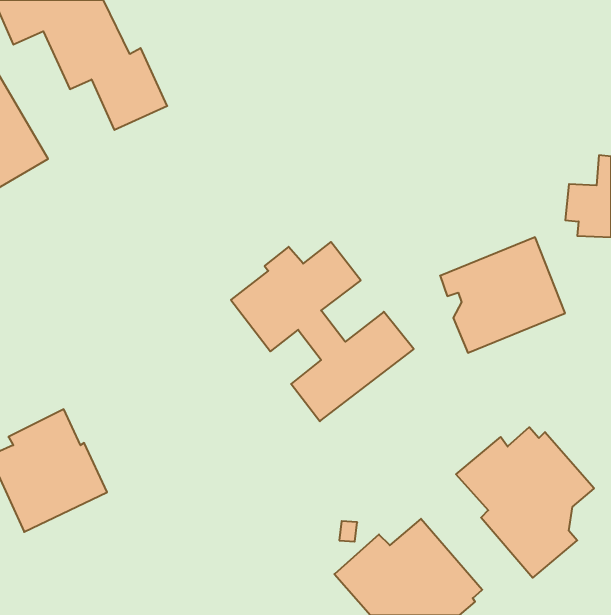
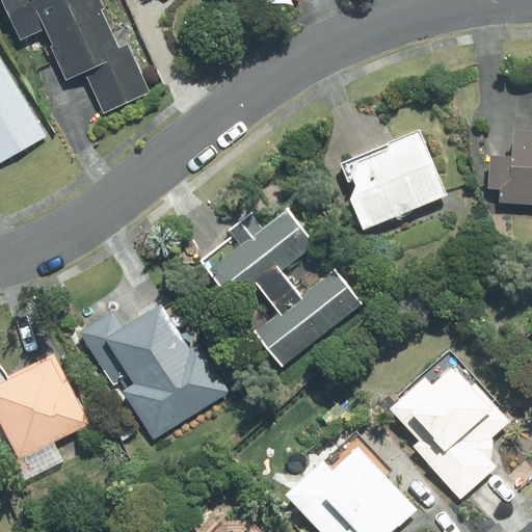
building: [440,237,565,353] -> [340,131,448,231]
building: none -> [79,305,230,438]

